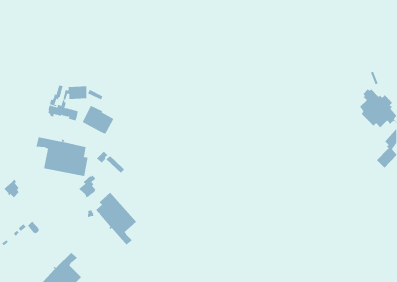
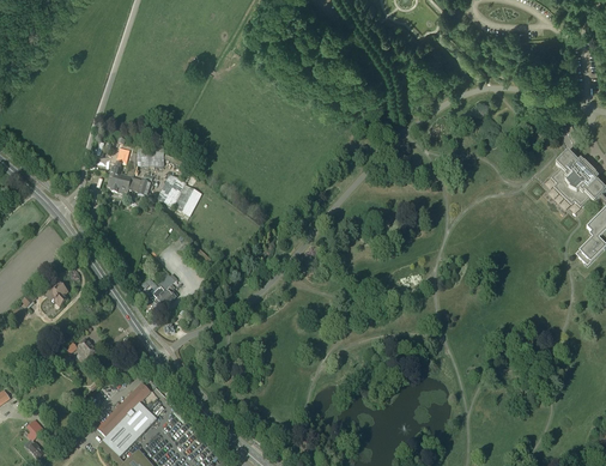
building: [36,137,88,177] -> none
building: [96,192,137,246] -> none

